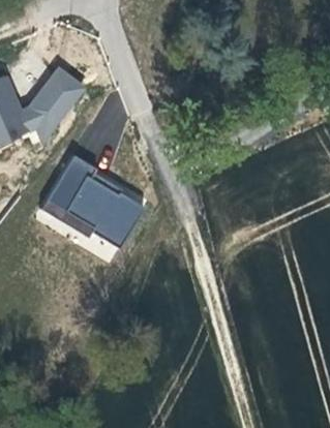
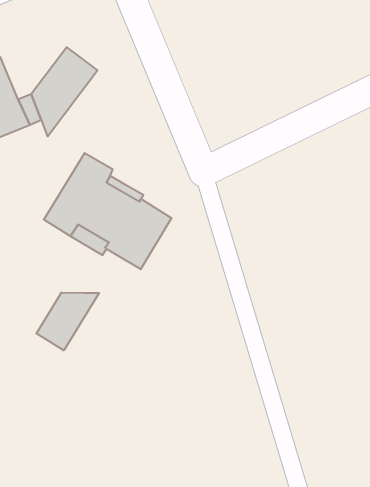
building: none -> [36,292,99,350]

